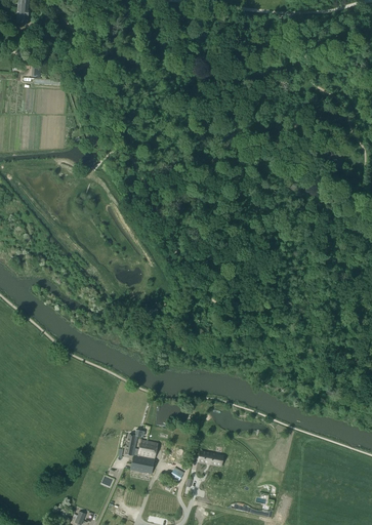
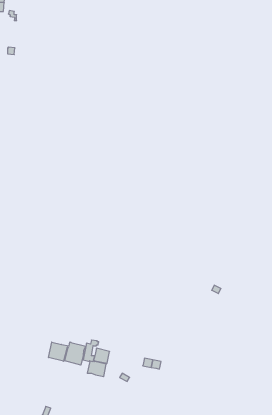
building: none -> [49,342,86,365]

